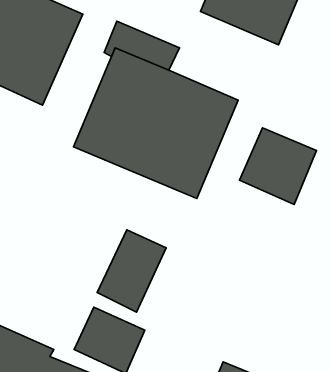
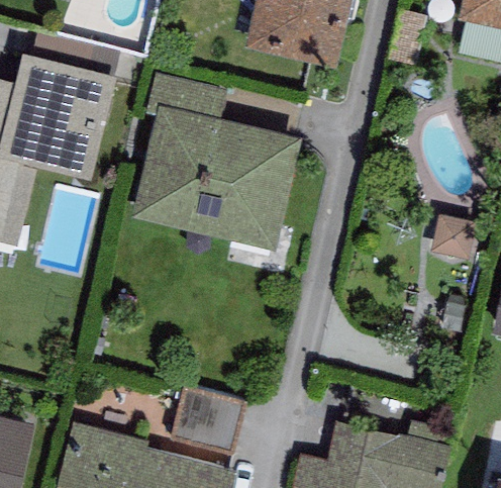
building: [240,128,317,204] -> none
building: [97,230,166,312] -> none

